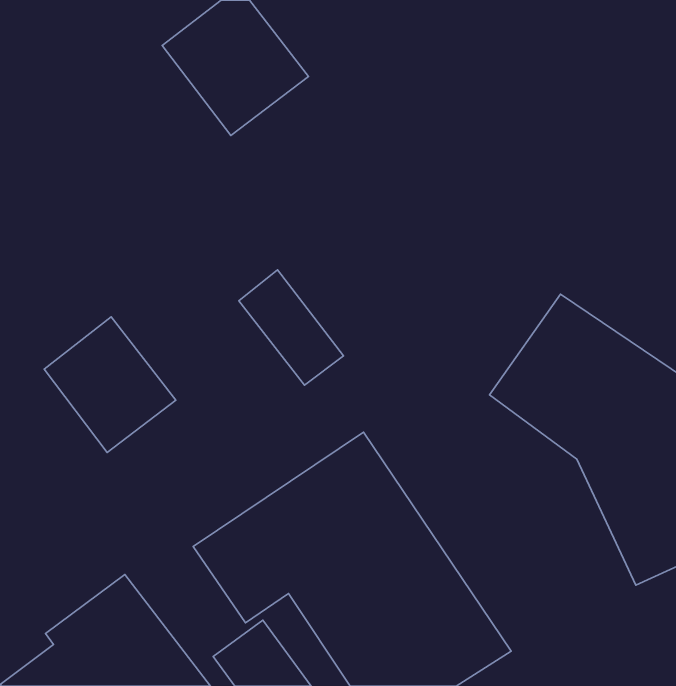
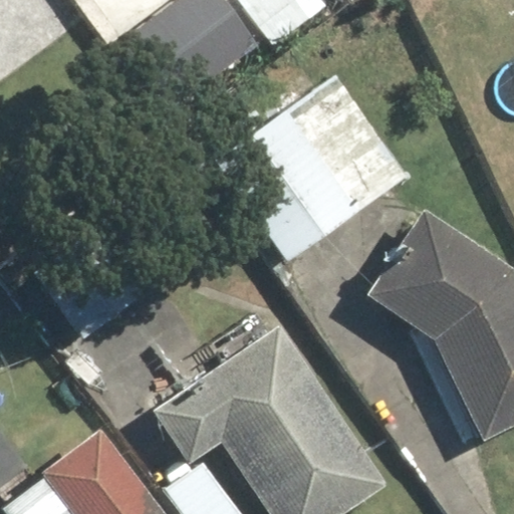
building: none -> [217,73,409,258]

